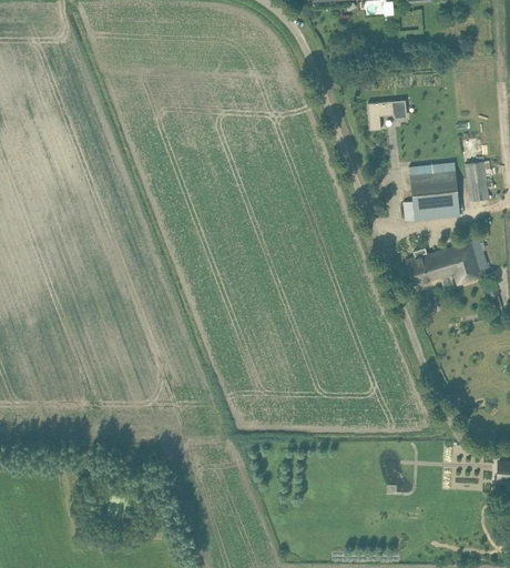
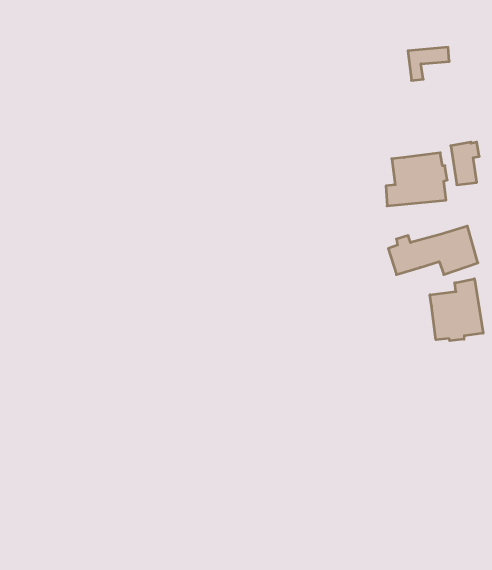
building: [367,100,406,131] -> [408,47,449,80]
building: none -> [430,279,483,341]

